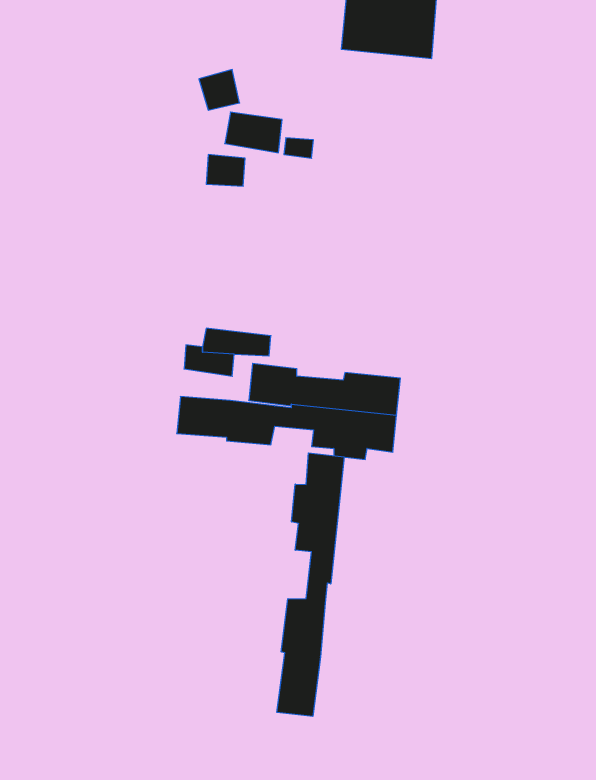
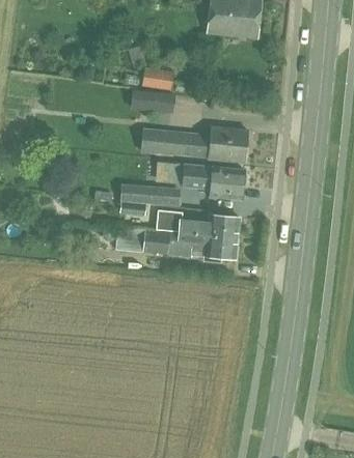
building: none -> [140,127,248,163]
building: none -> [165,164,244,200]
building: [277,453,344,716] -> none

